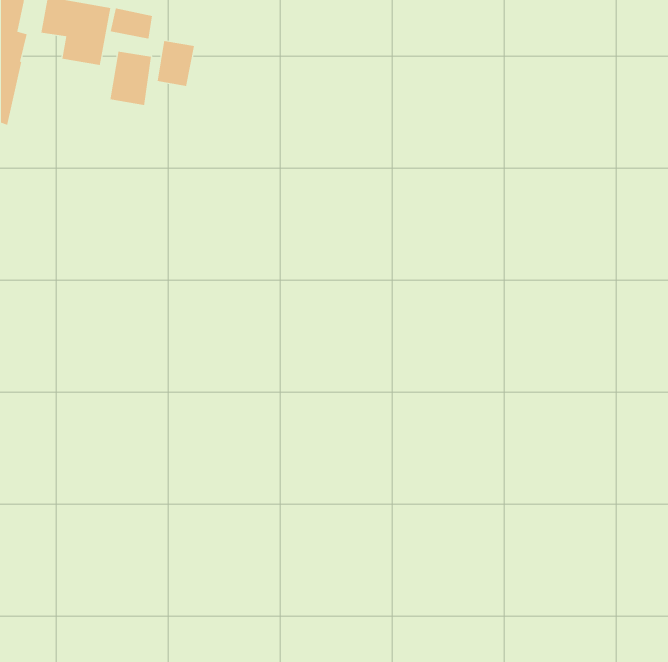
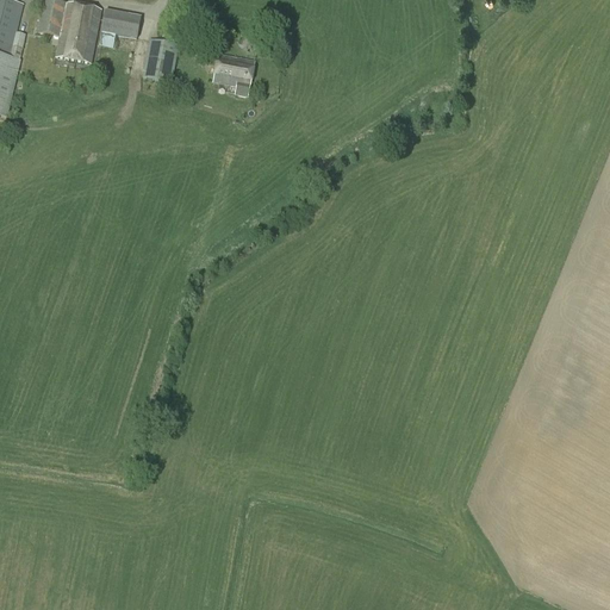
building: [110,51,151,106] -> none
building: none -> [213,51,255,94]

